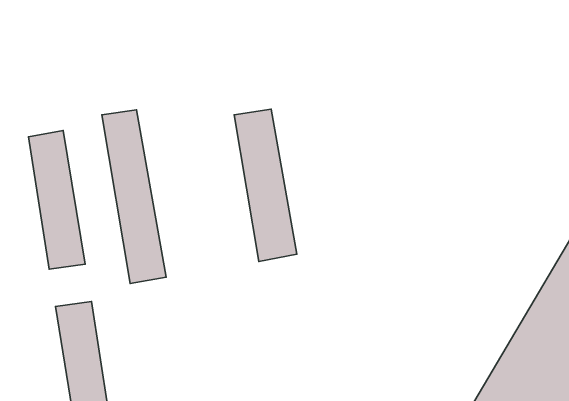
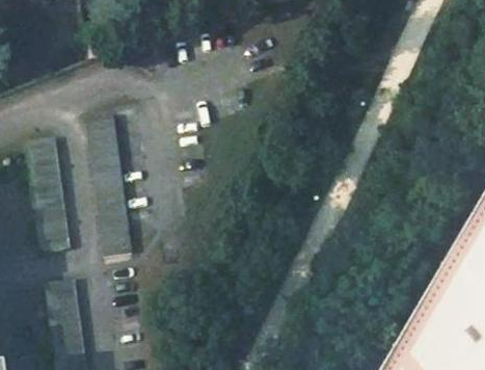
building: [234,109,297,261] -> none

